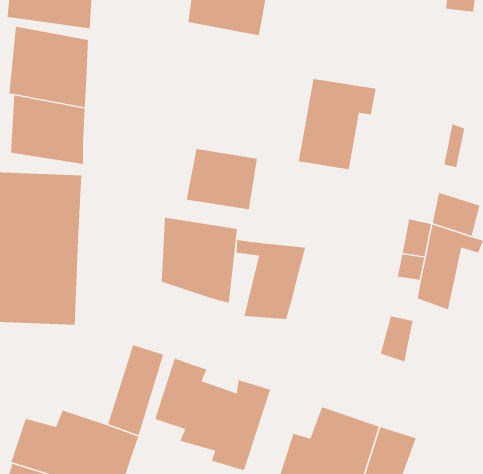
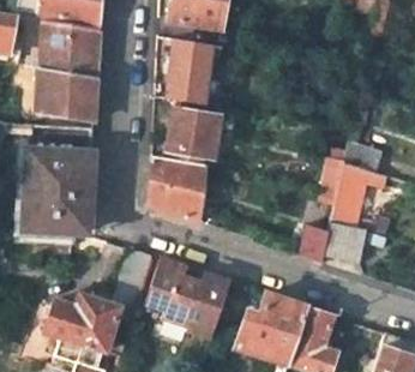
building: [298,78,376,170] -> [163,38,219,104]
building: [236,239,306,320] -> none
building: none -> [326,223,368,263]

